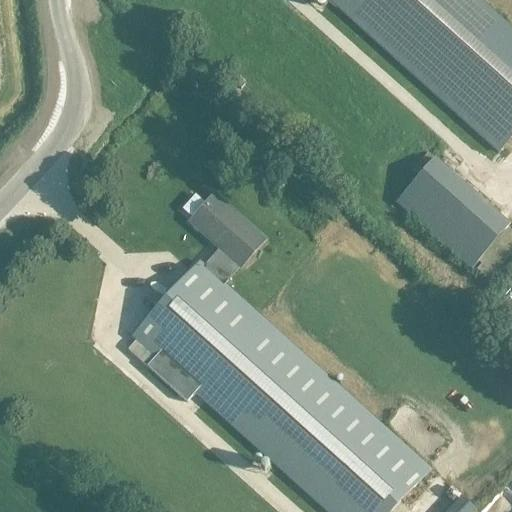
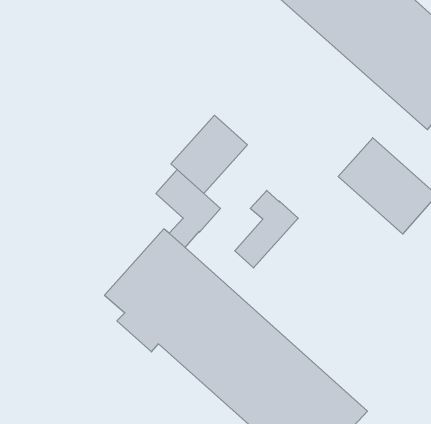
building: none -> [171,115,247,193]
building: none -> [235,190,298,268]

